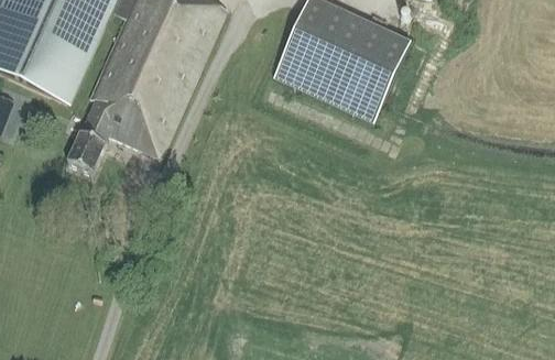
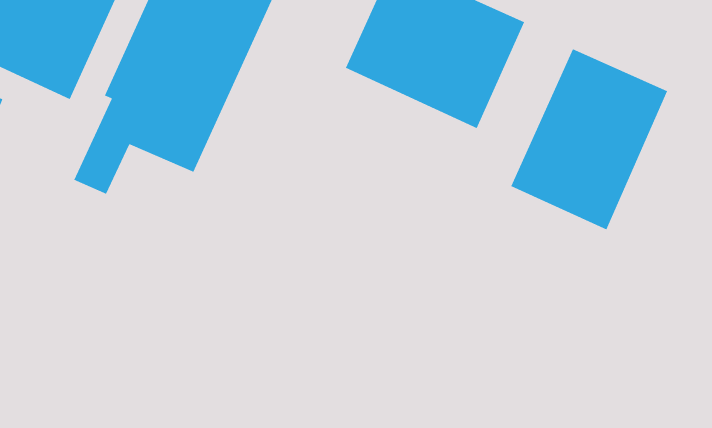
building: none -> [510,48,668,230]

